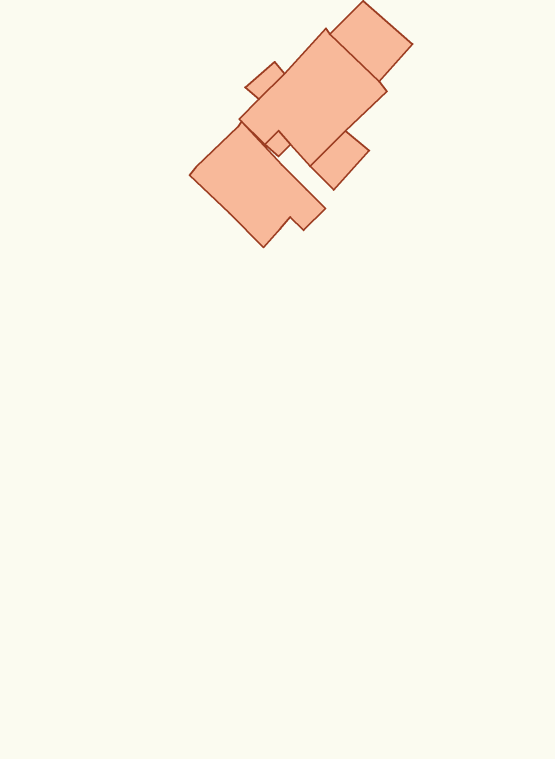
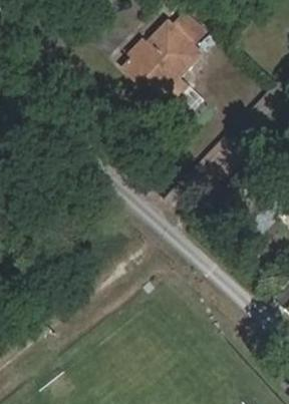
building: [190,121,325,247] -> none

